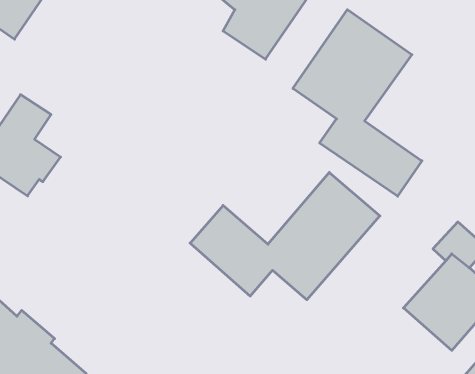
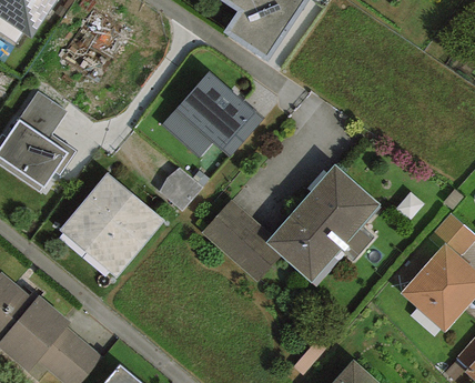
building: [293,10,422,196] -> none
building: none -> [162,73,261,159]
building: none -> [159,163,203,206]
building: none -> [59,172,163,275]

